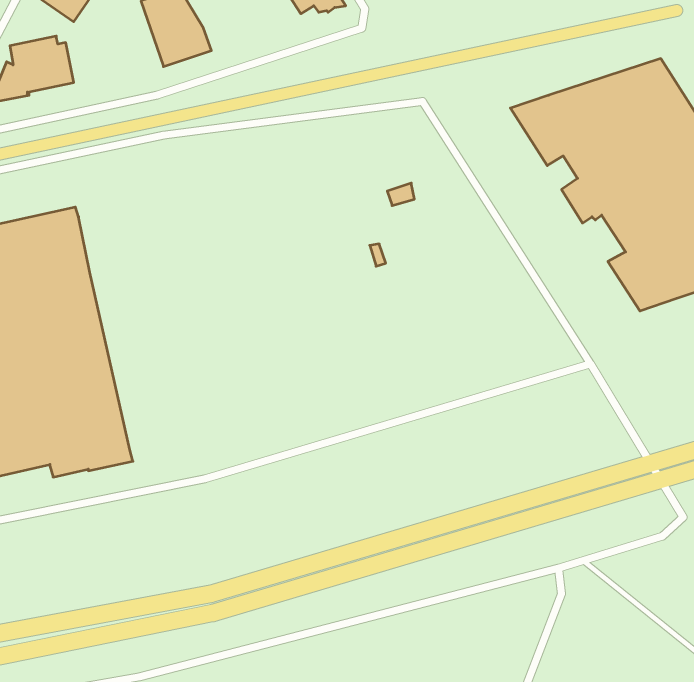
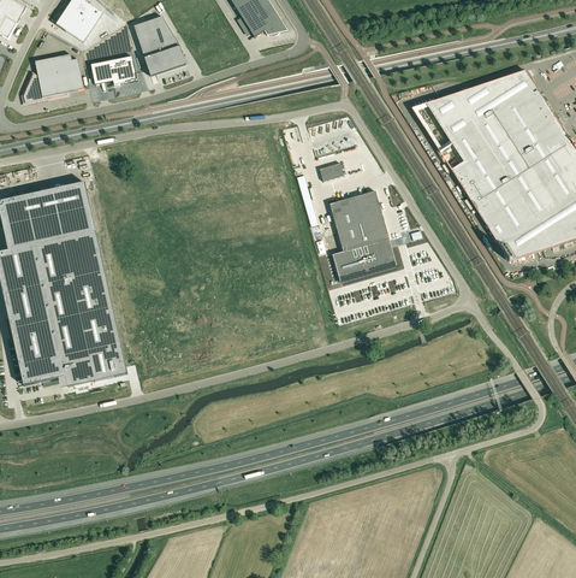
building: none -> [91,54,136,83]
building: none -> [328,187,393,283]

